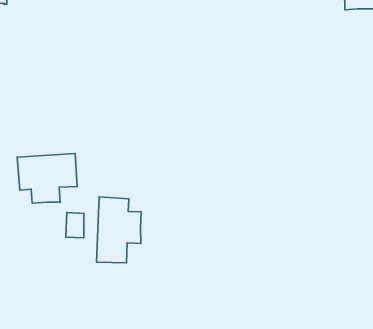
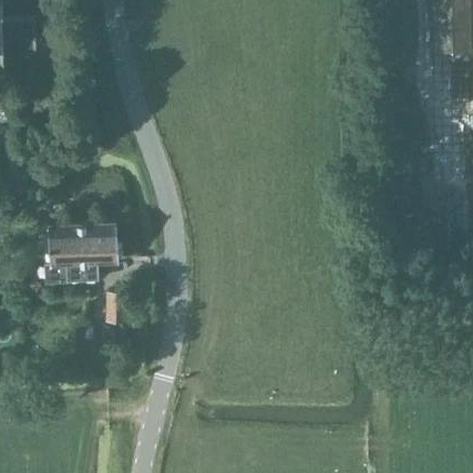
building: [97,197,141,263] -> none

